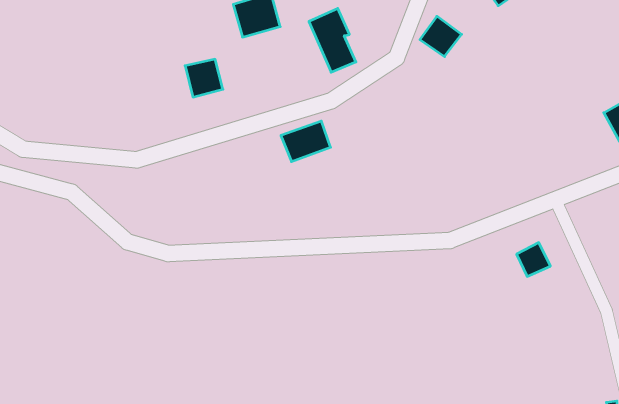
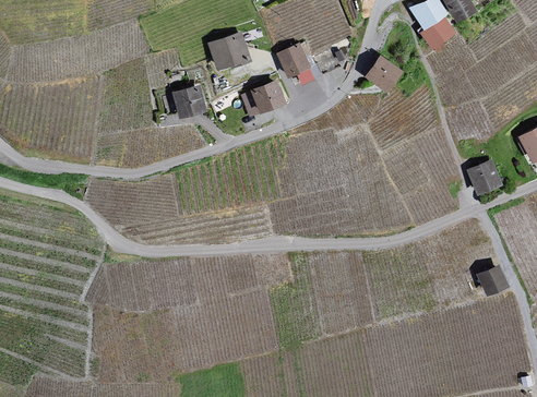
building: [281,121,331,162] -> [243,83,285,117]
building: none -> [469,159,501,191]
building: [517,243,550,276] -> [480,263,509,291]

